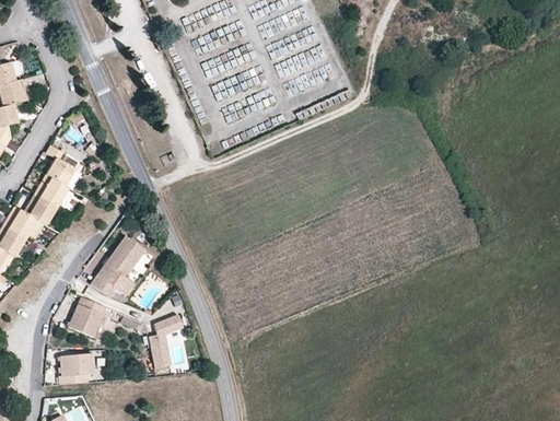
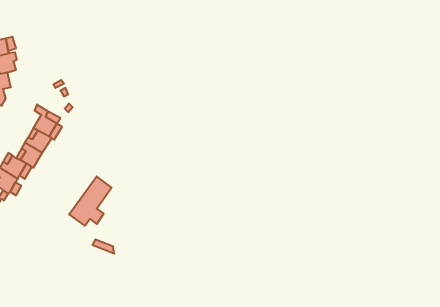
building: [69,296,106,337] -> none
building: [149,314,184,369] -> none
building: [59,352,95,385] -> none

